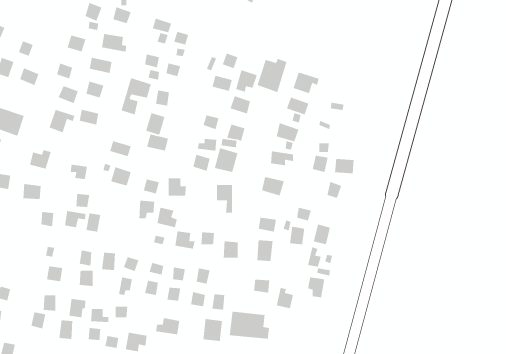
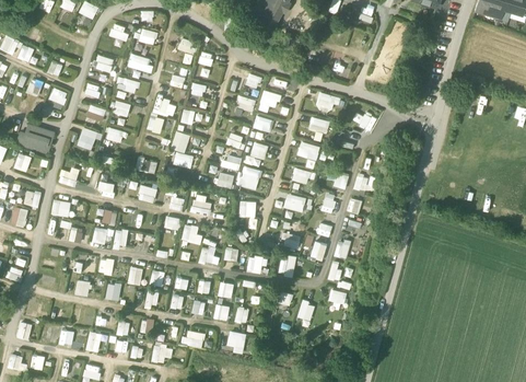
building: [256,58,288,93] -> none
building: [229,311,270,339] -> none

